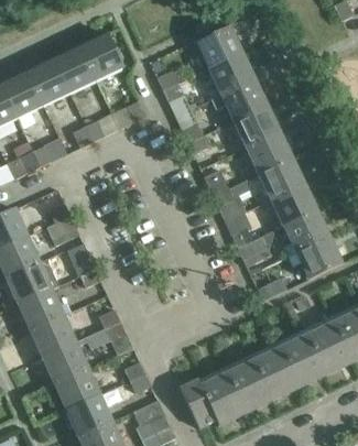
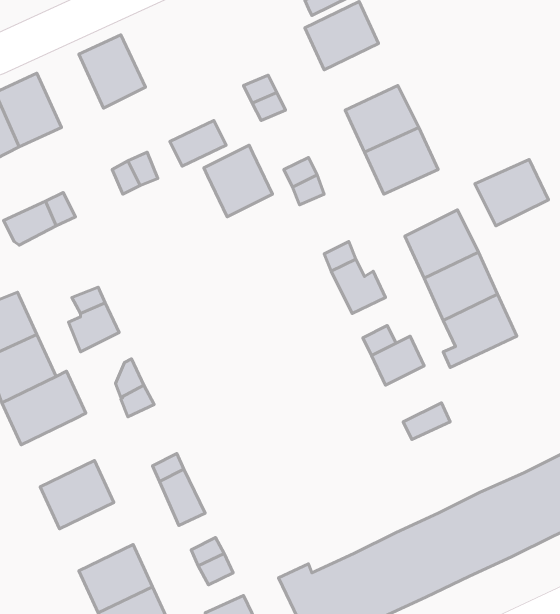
building: [80,33,123,79] -> none
building: [208,52,254,94] -> none
building: [28,58,69,105] -> none
building: none -> [204,145,273,217]
building: [246,131,292,173] -> [475,159,548,226]
building: [288,236,343,279] -> none
building: [18,287,64,330] -> none
building: [42,340,88,383] -> none

